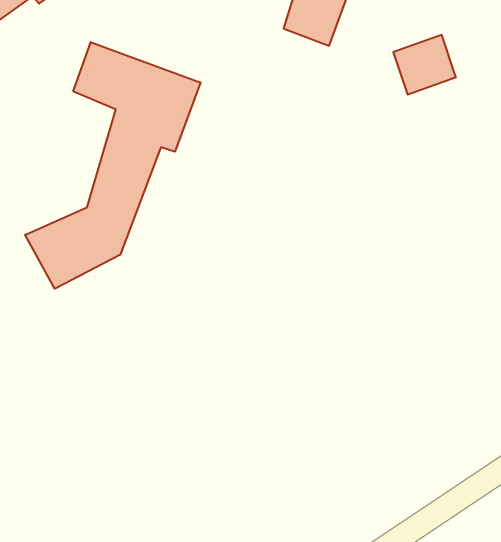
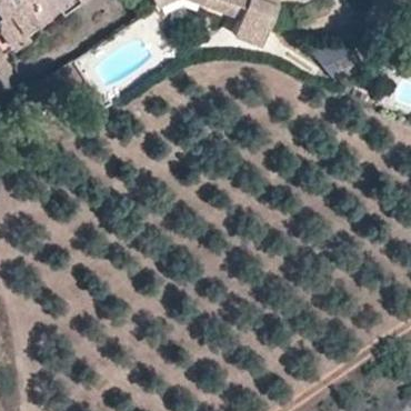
building: [25,42,201,289] -> none

